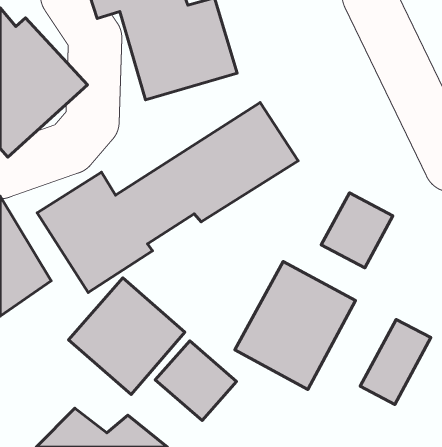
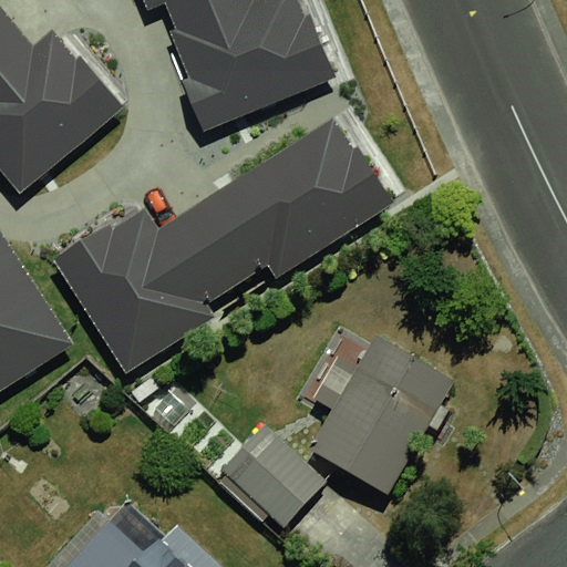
building: [321,193,393,268] -> none
building: [68,278,185,395] -> none
building: [360,319,431,404] -> none

